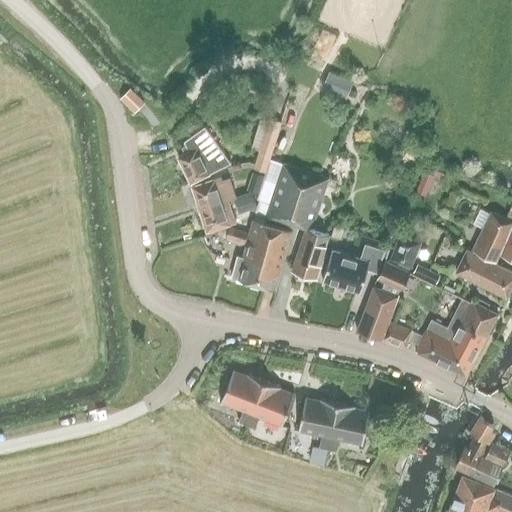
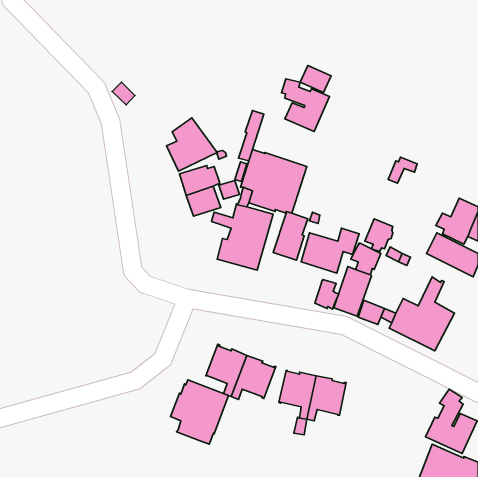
building: none -> [282,79,329,132]
building: none -> [315,280,339,309]
building: [465,302,498,336] -> none
building: none -> [170,380,228,444]

